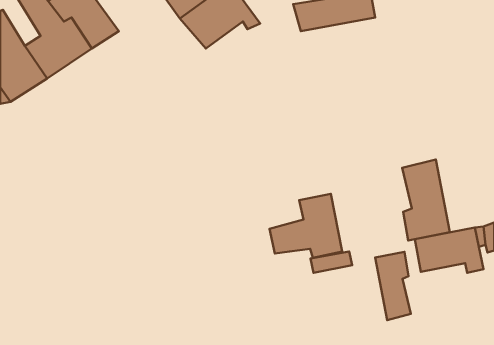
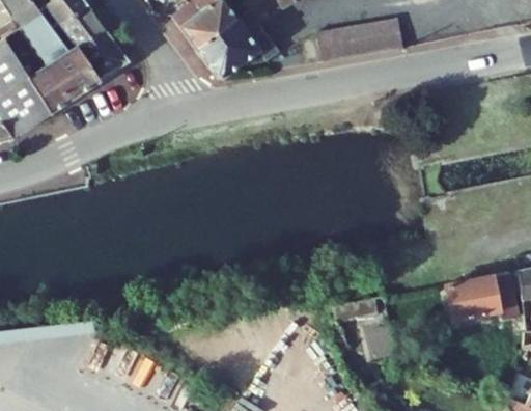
building: [402,159,450,240] -> none
building: [270,194,342,258] -> none
building: [375,252,411,320] -> none

